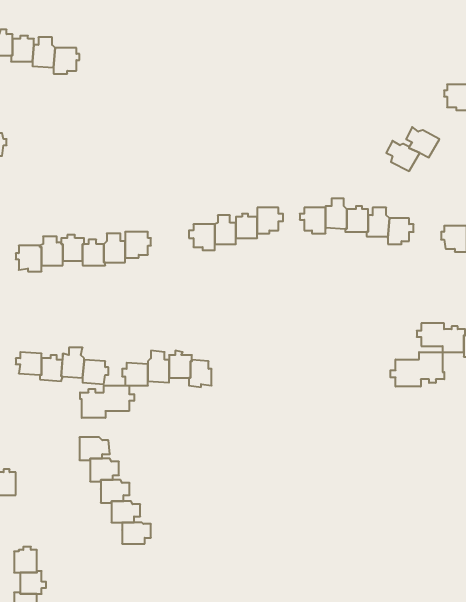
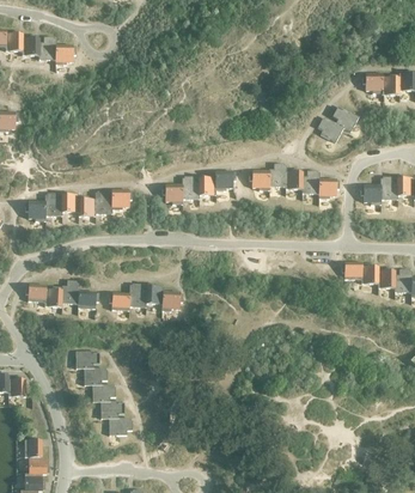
building: [390,352,444,387] -> none
building: [80,386,134,418] -> none

